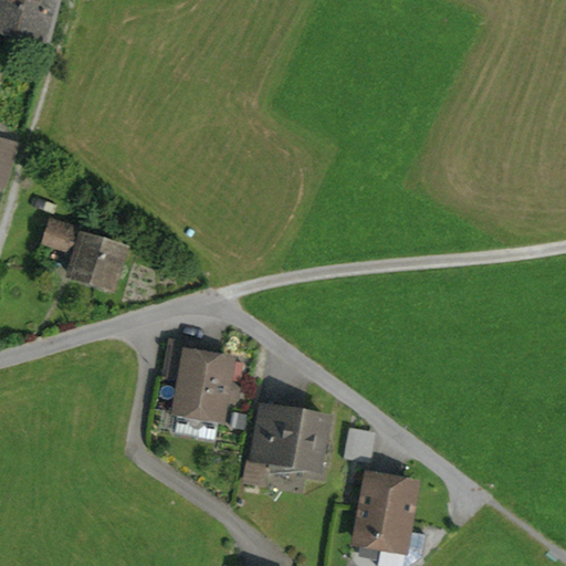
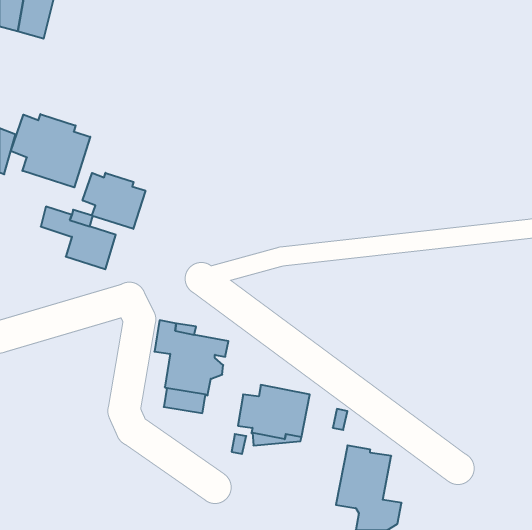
building: none -> [11,114,90,187]
building: none -> [83,173,145,229]

